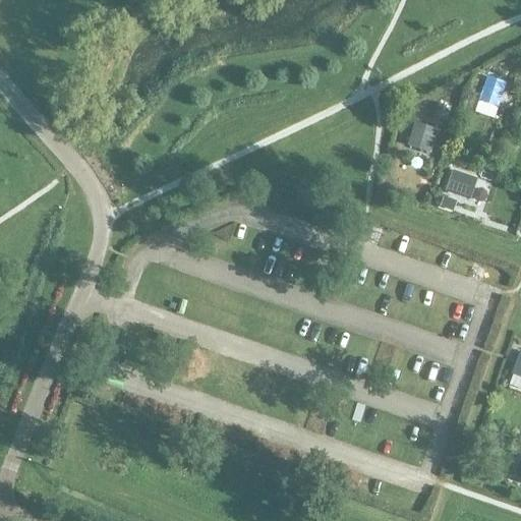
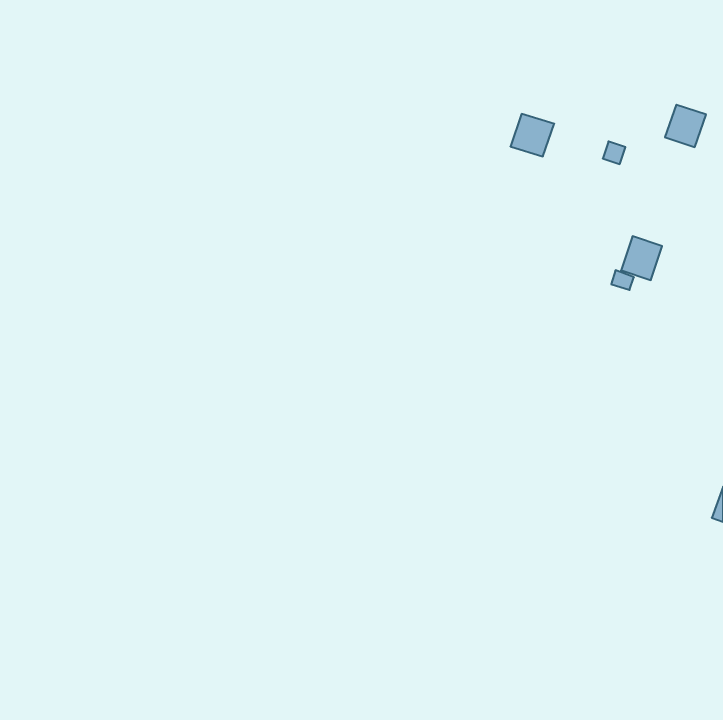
building: [407,121,439,152] -> [510,114,554,156]

